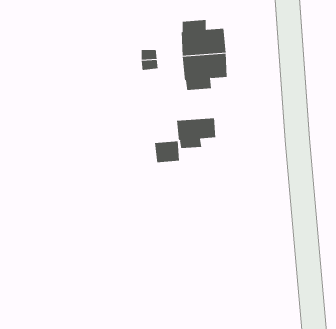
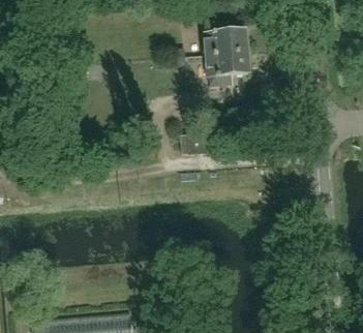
building: [176,117,216,149] -> none

